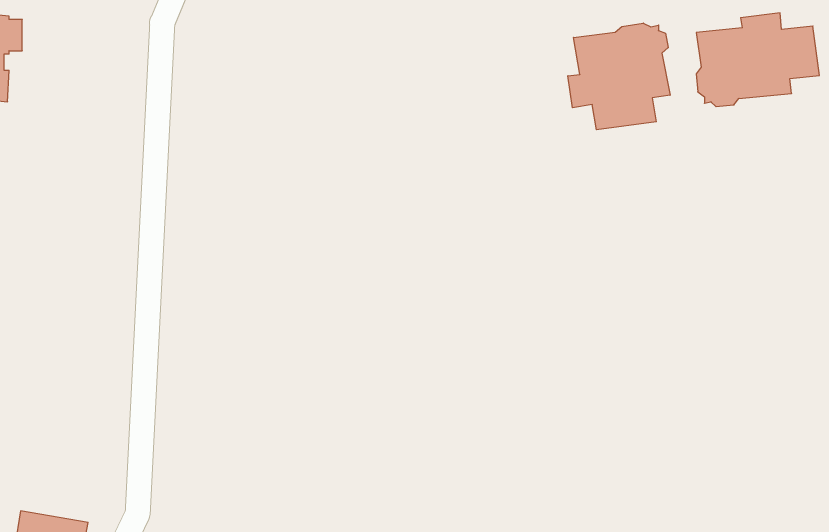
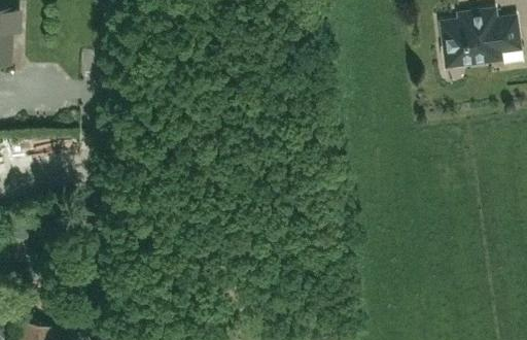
building: [568,23,670,130] -> none

